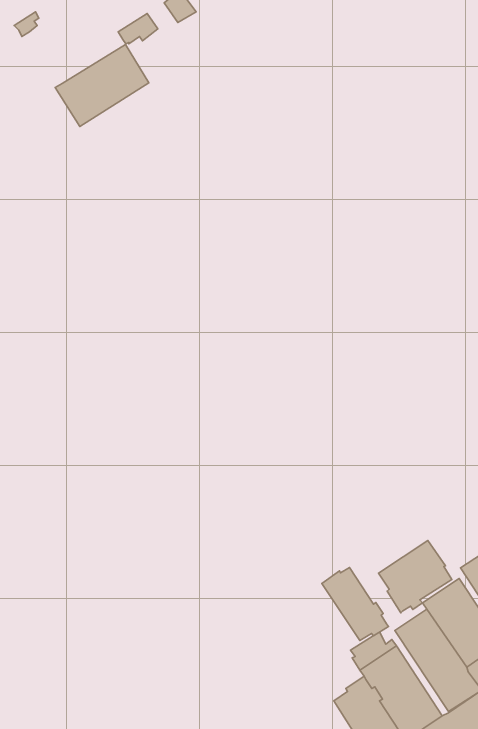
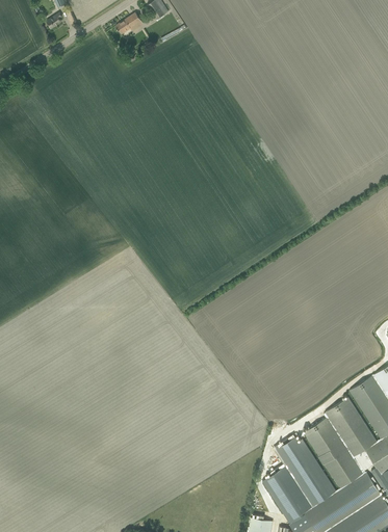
building: [55,45,149,126] -> none
building: [379,540,452,613] -> none
building: [322,567,389,641] -> none

